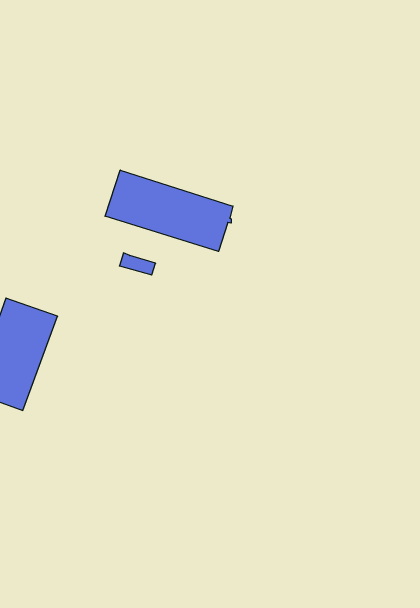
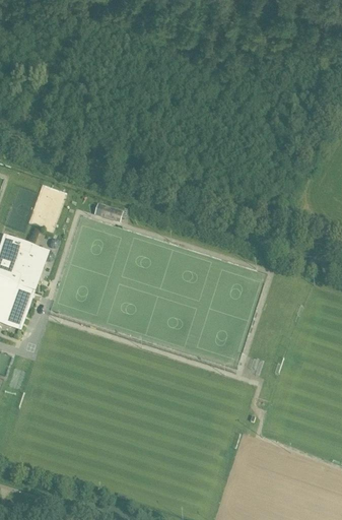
building: [105,170,233,251] -> none

